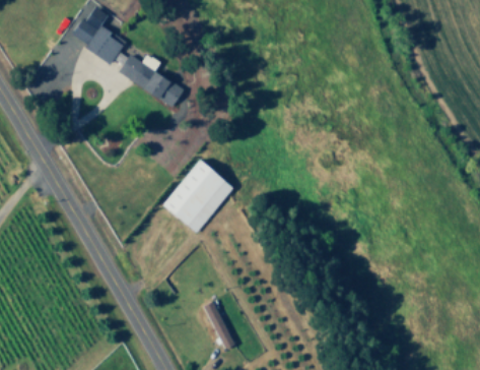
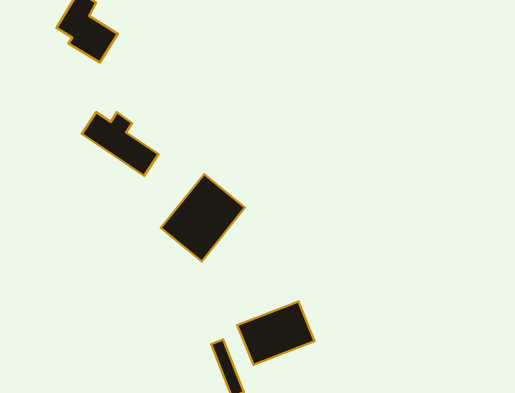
building: [118,53,183,107] -> [82,112,159,176]
building: none -> [237,302,315,365]

